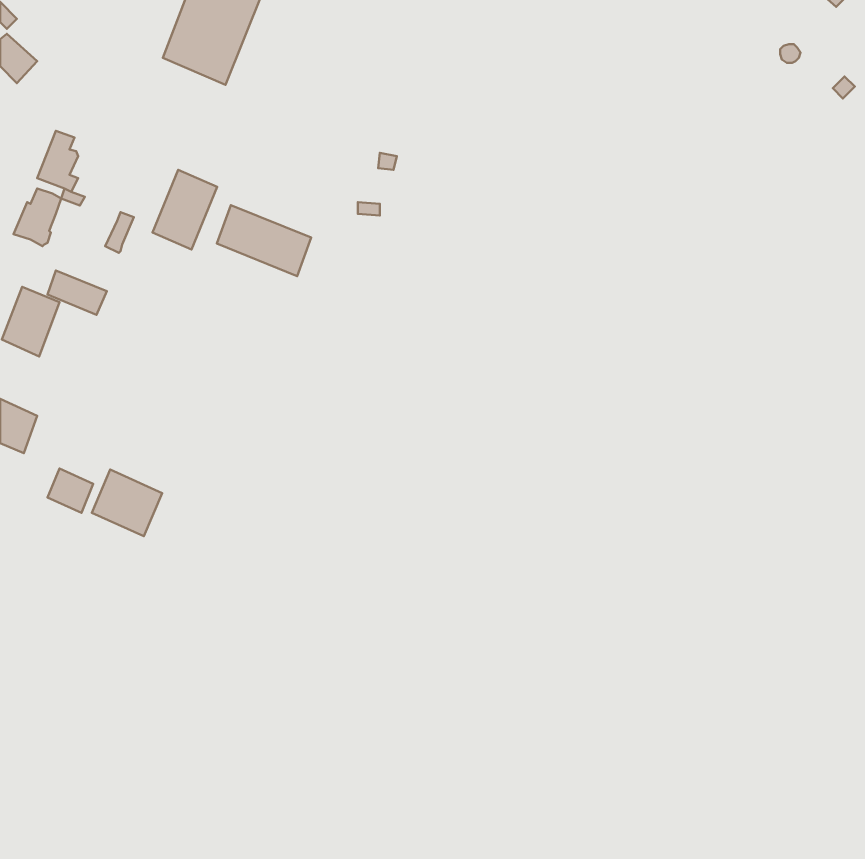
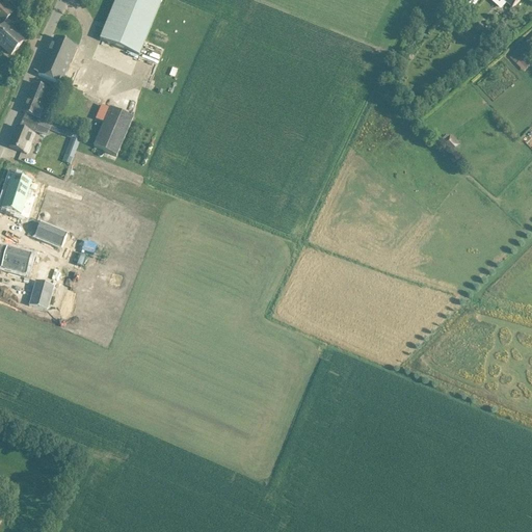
building: none -> [39,33,77,80]
building: [217,205,311,276] -> none
building: [47,271,107,315] -> [30,218,66,245]
building: [92,470,162,536] -> none

